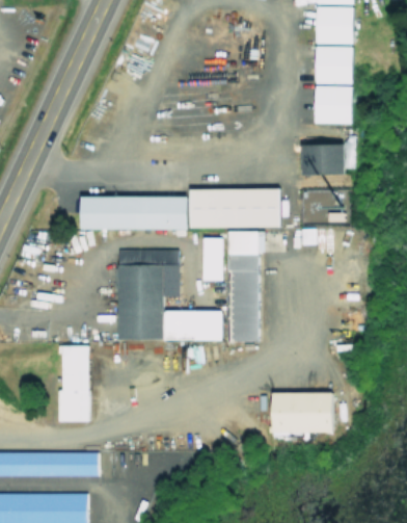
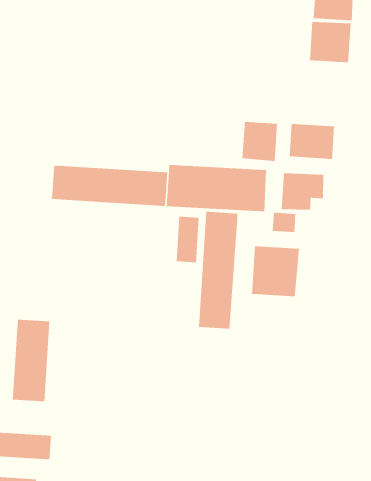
building: [317,86,353,124] -> none
building: none -> [242,121,278,162]
building: [116,250,223,339] -> none
building: none -> [251,245,299,297]
building: [272,391,335,430] -> none

